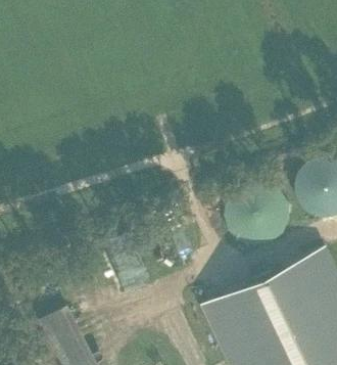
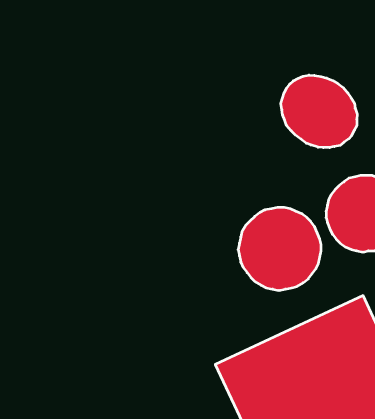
building: none -> [281,75,357,148]

